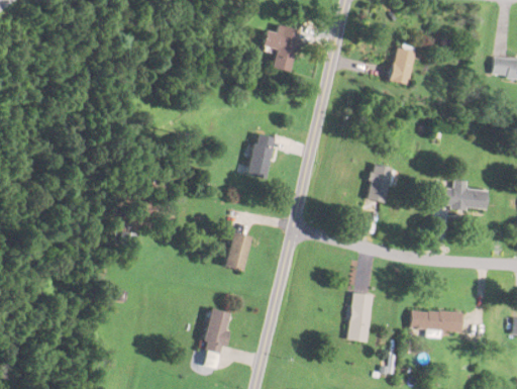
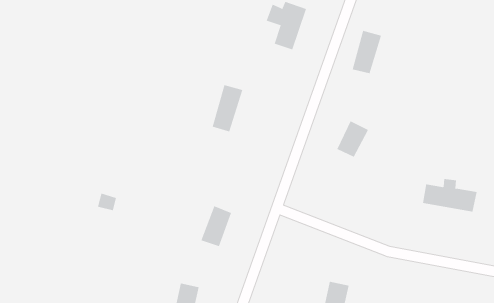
building: [391,41,416,83] -> [352,30,382,74]
building: [248,132,275,178] -> [212,85,243,132]
building: [367,164,396,199] -> [336,121,369,157]

